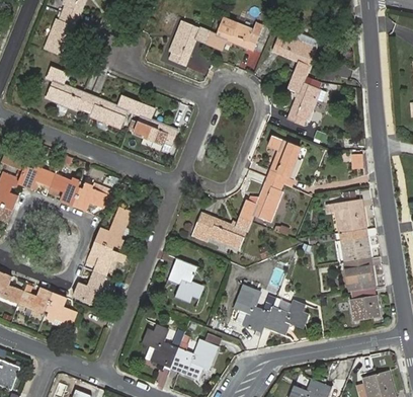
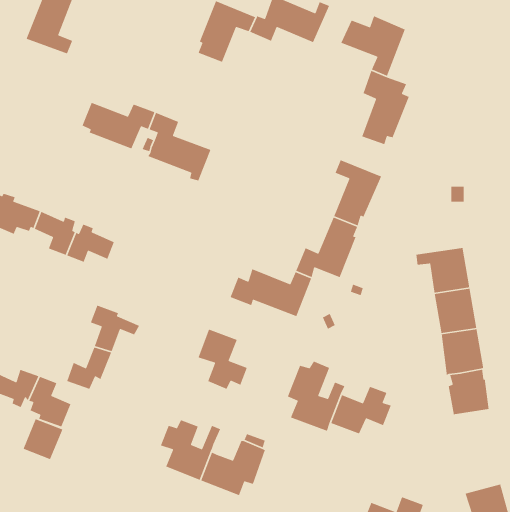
building: [45,66,91,111] -> none
building: [95,208,132,248] -> none
building: none -> [23,418,63,460]

